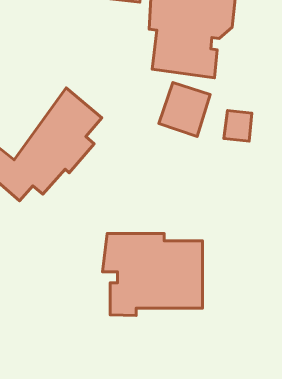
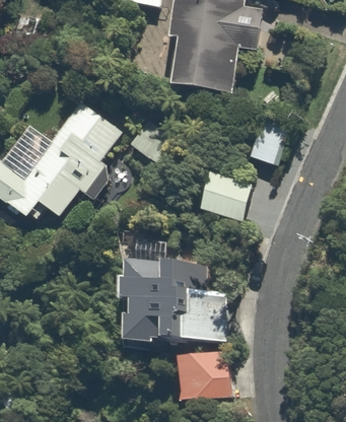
building: [159,83,210,137] -> [197,167,253,226]
building: none -> [178,350,232,404]

